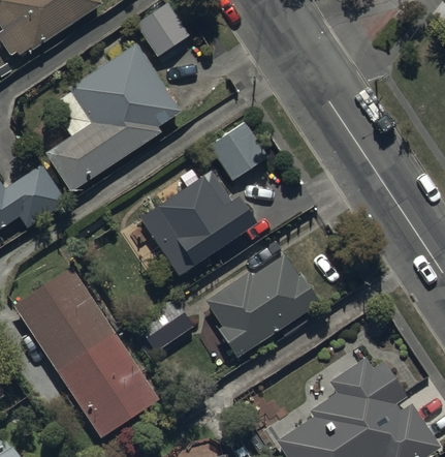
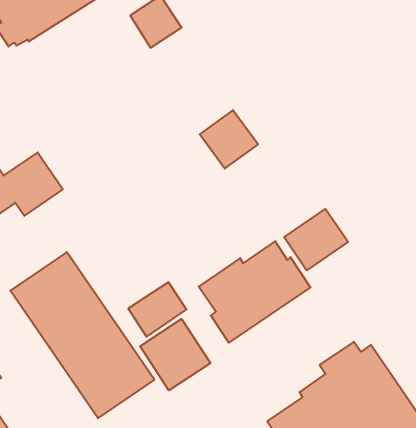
building: [47,43,183,191] -> none
building: [140,170,258,277] -> none
building: none -> [284,209,348,270]
building: none -> [140,319,210,390]

